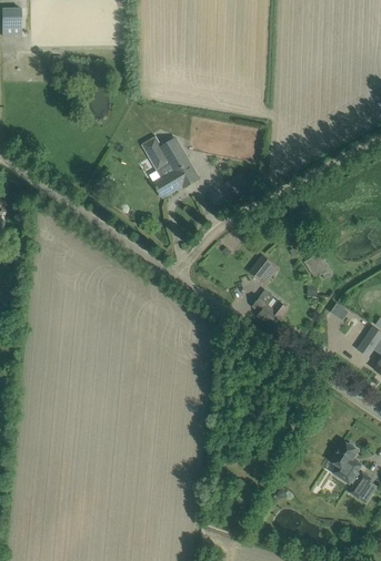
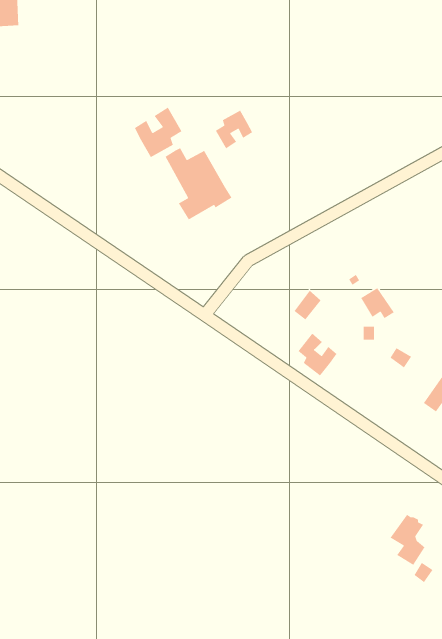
building: none -> [134,106,182,158]
building: none -> [215,109,253,149]

